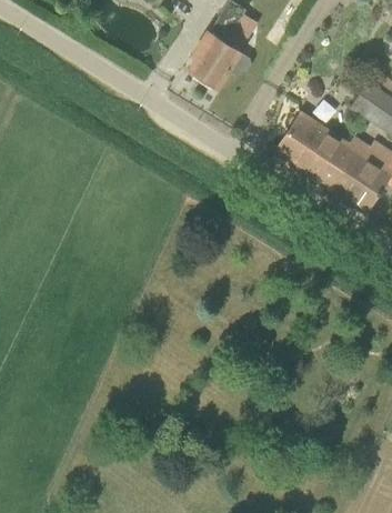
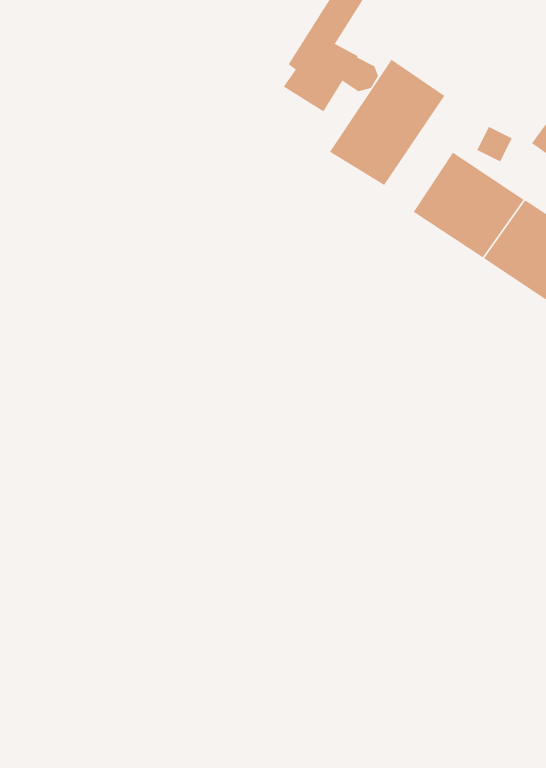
building: none -> [329,59,445,186]

